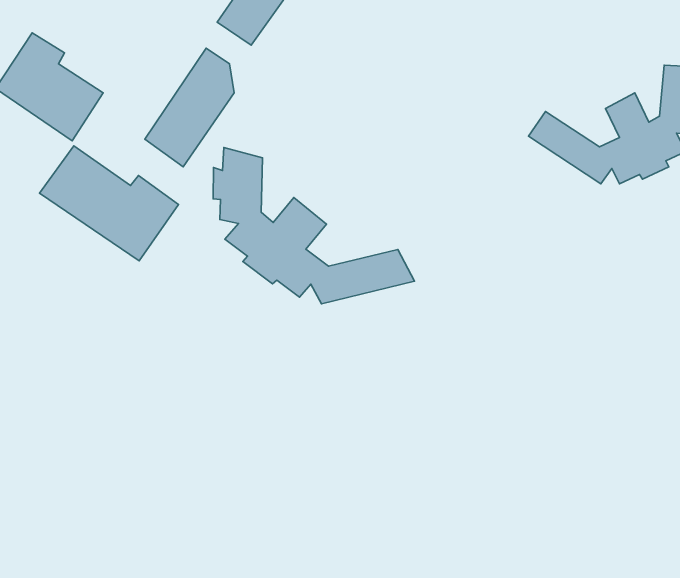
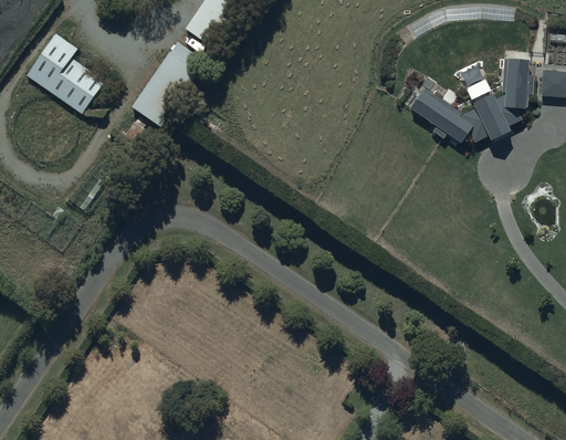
building: [39,146,178,261] -> none
building: [213,148,415,304] -> none

